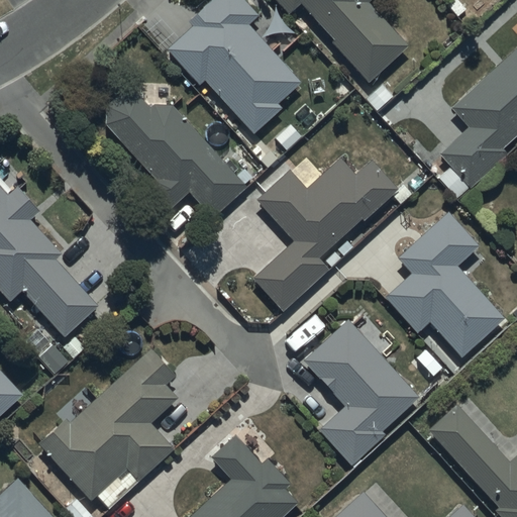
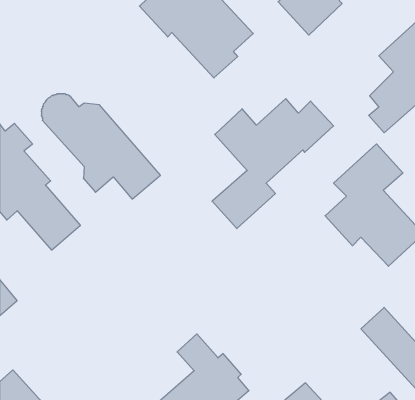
building: [106,93,246,217] -> [41,94,160,199]
building: [301,318,417,464] -> none
building: [39,348,180,499] -> none

